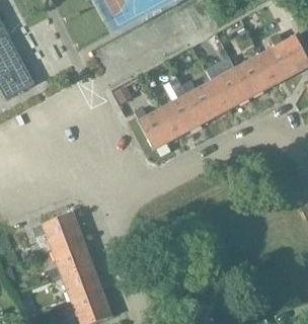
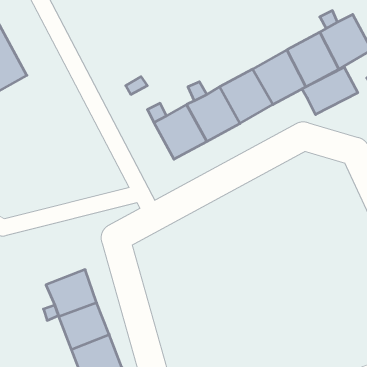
building: none -> [302,67,358,115]
building: [42,212,82,250] -> none

